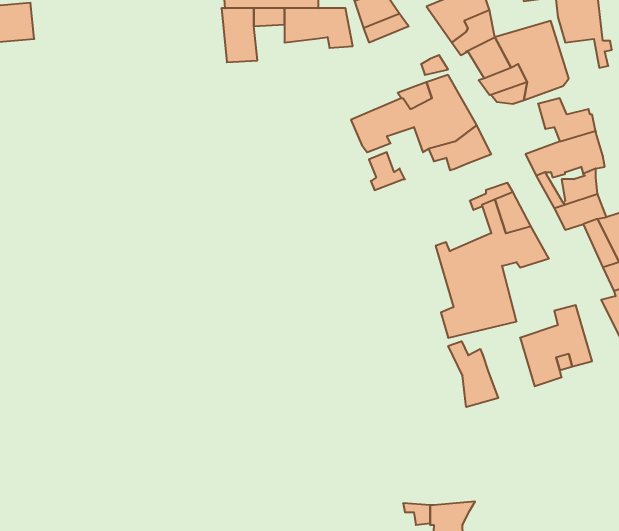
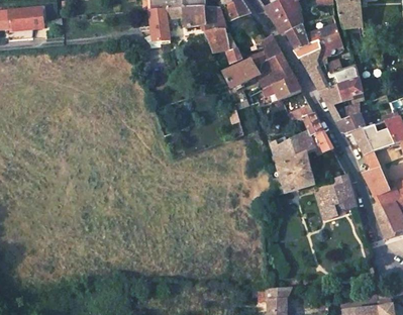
building: none -> [202,30,241,63]
building: none -> [307,63,338,91]
building: [448,341,498,407] -> none

